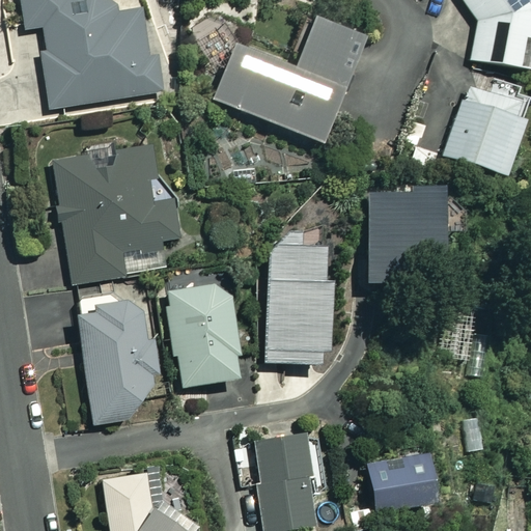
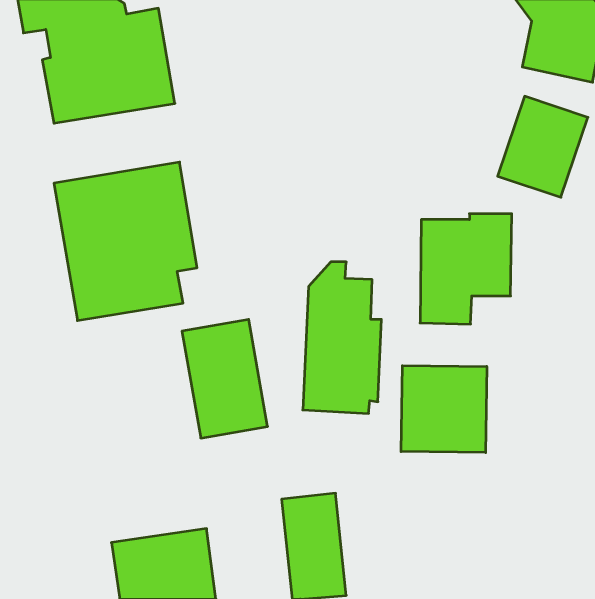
building: [211,17,363,142] -> none
building: [74,301,161,424] -> none
building: none -> [401,366,487,453]
building: [365,454,425,510] -> none

